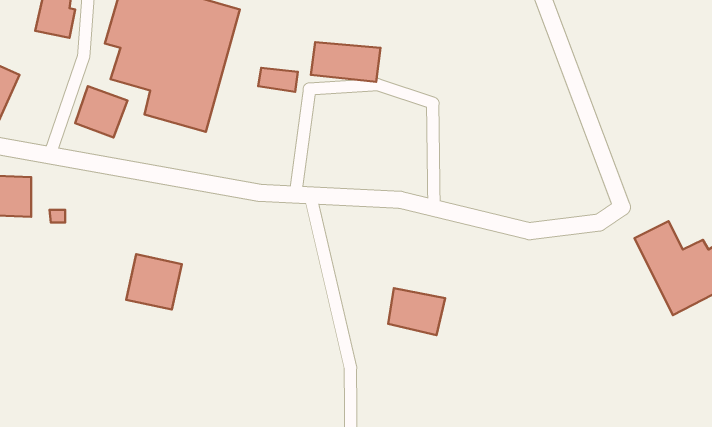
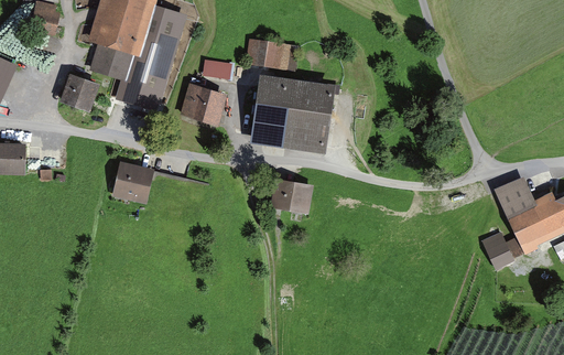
building: none -> [251,77,334,153]
building: none -> [180,84,226,125]
building: [126,254,182,310] -> [112,161,155,204]
building: [388,288,445,335] -> [268,178,312,214]
building: none -> [481,232,513,270]

